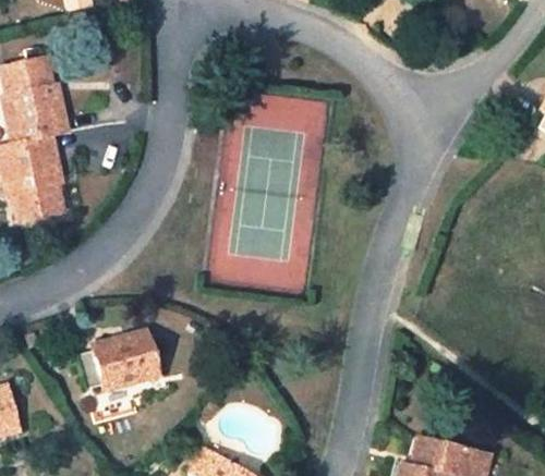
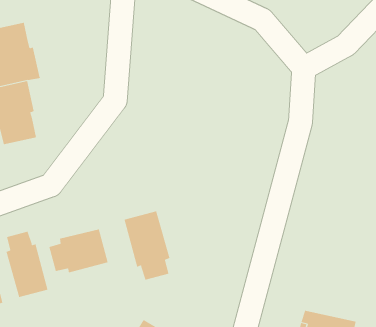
building: none -> [124,211,170,280]
building: none -> [6,231,48,298]

